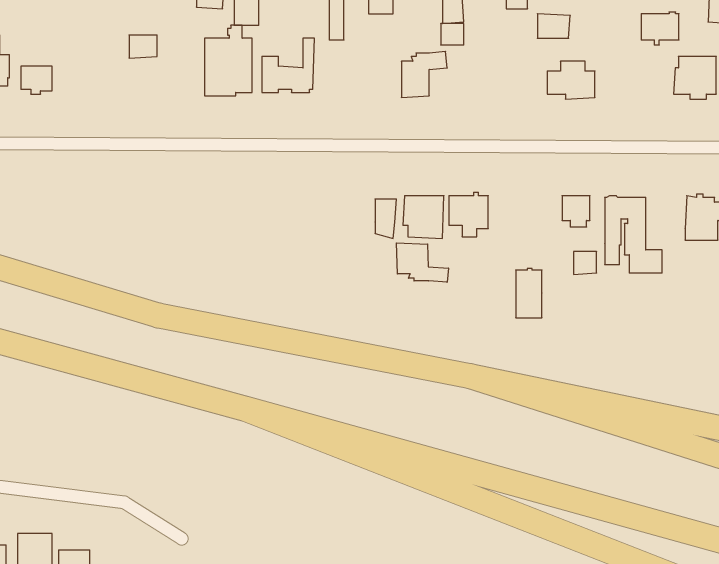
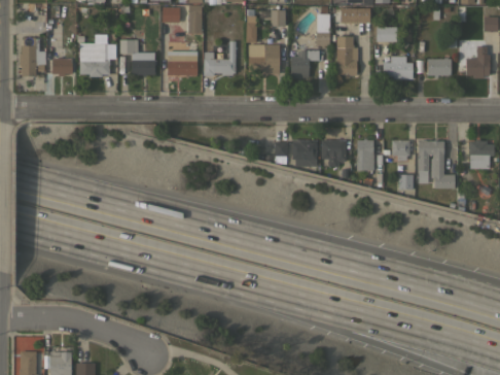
building: [641,12,679,45] -> [427,58,451,78]
building: none -> [336,36,358,78]
building: none -> [80,43,111,76]
building: none -> [249,44,280,74]
building: none -> [132,54,155,77]
building: [396,243,448,282] -> none
building: [516,269,542,318] -> [357,139,373,170]

